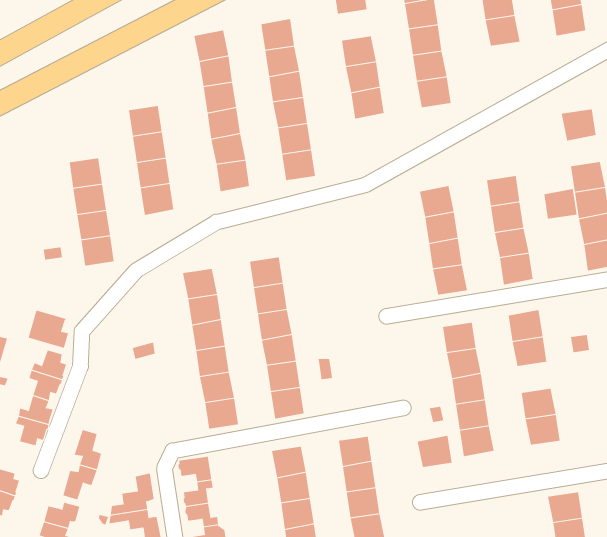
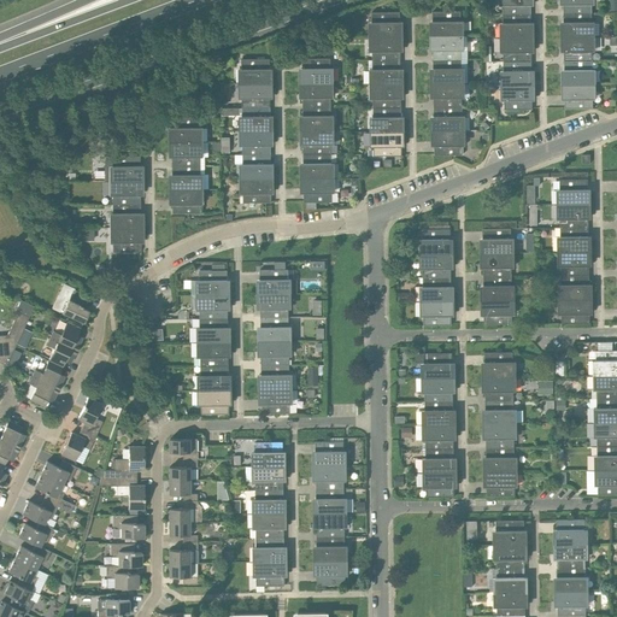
building: none -> [372,60,400,84]
building: [543,188,577,219] -> [560,204,588,228]
building: none -> [486,400,513,424]
building: [417,435,452,468] -> [425,472,454,498]
building: none -> [487,472,515,496]

